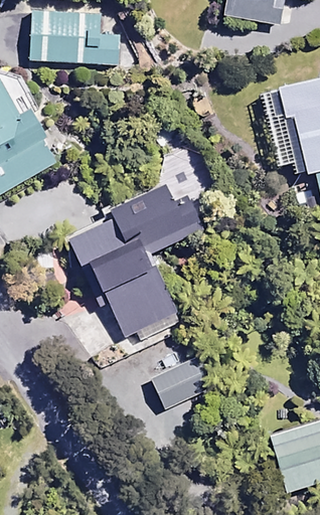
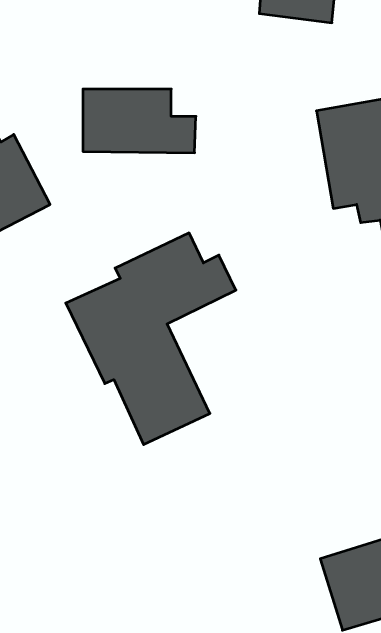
building: [31,13,119,62] -> [83,89,196,153]
building: [152,357,212,407] -> none

